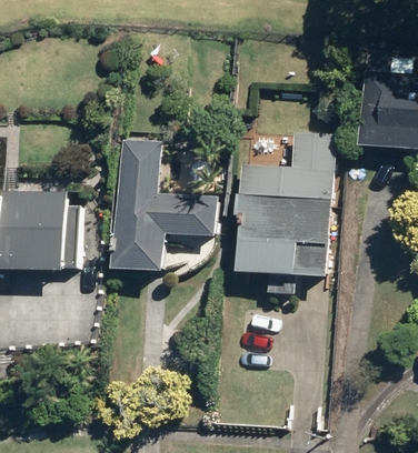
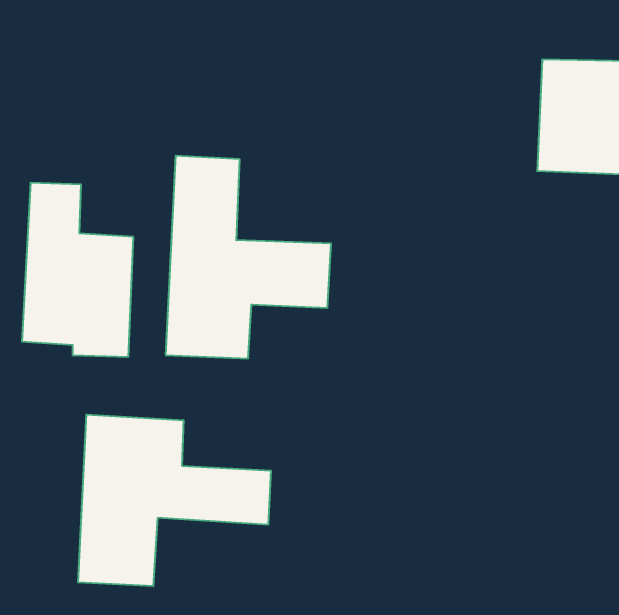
building: [230,132,331,276] -> none
building: none -> [78,414,271,586]

